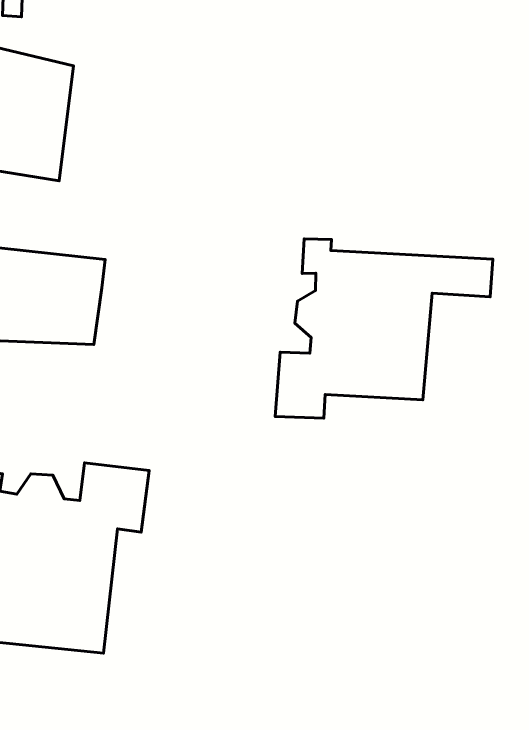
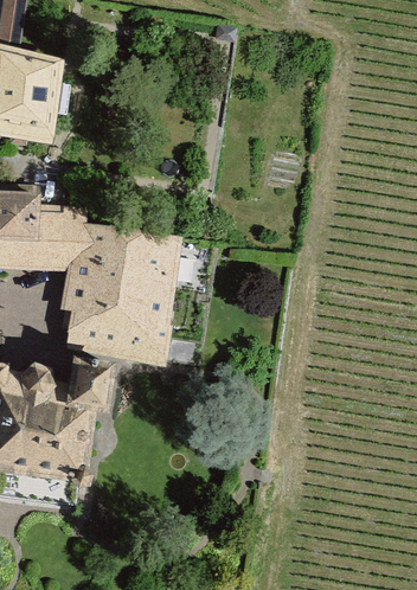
building: [275,239,493,418] -> none
building: none -> [62,227,179,365]

